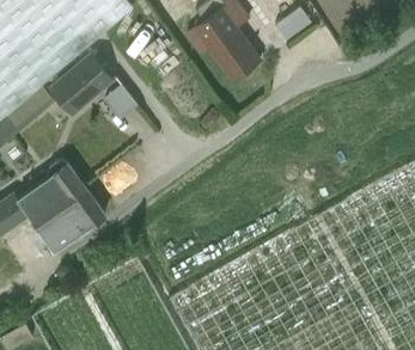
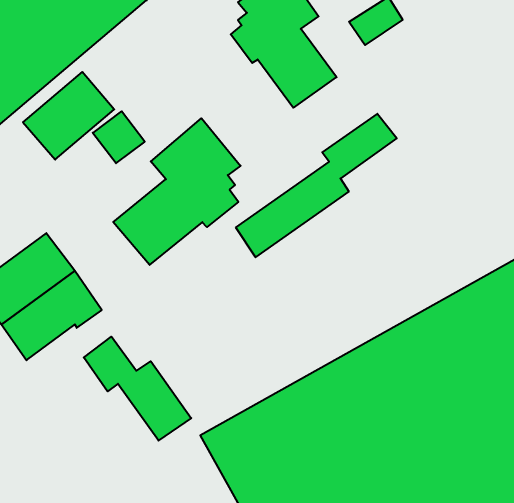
building: none -> [236,114,397,257]
building: none -> [113,118,241,265]
building: none -> [84,337,191,441]

